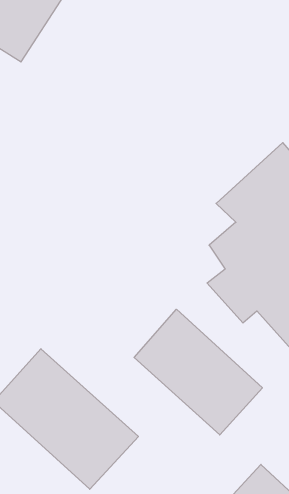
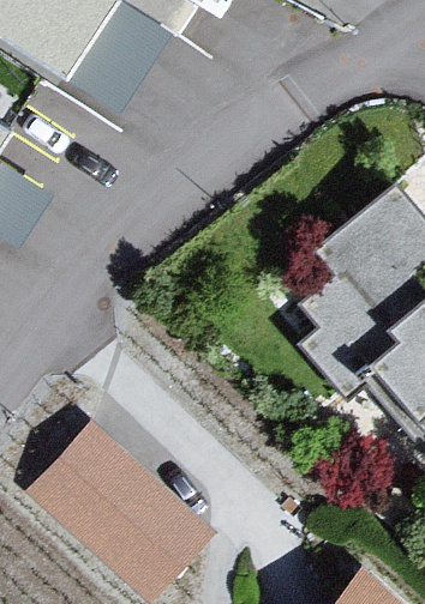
building: [134,309,262,435] -> none

